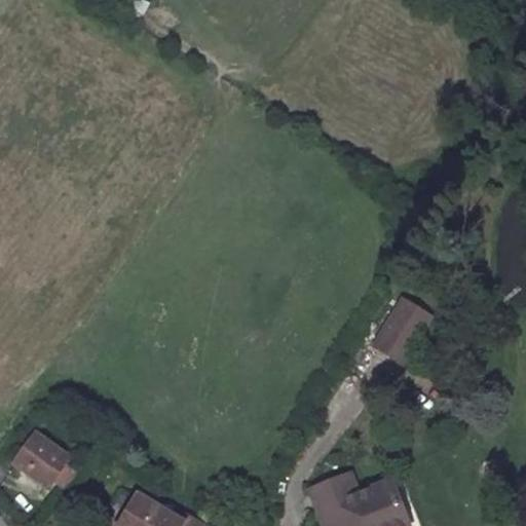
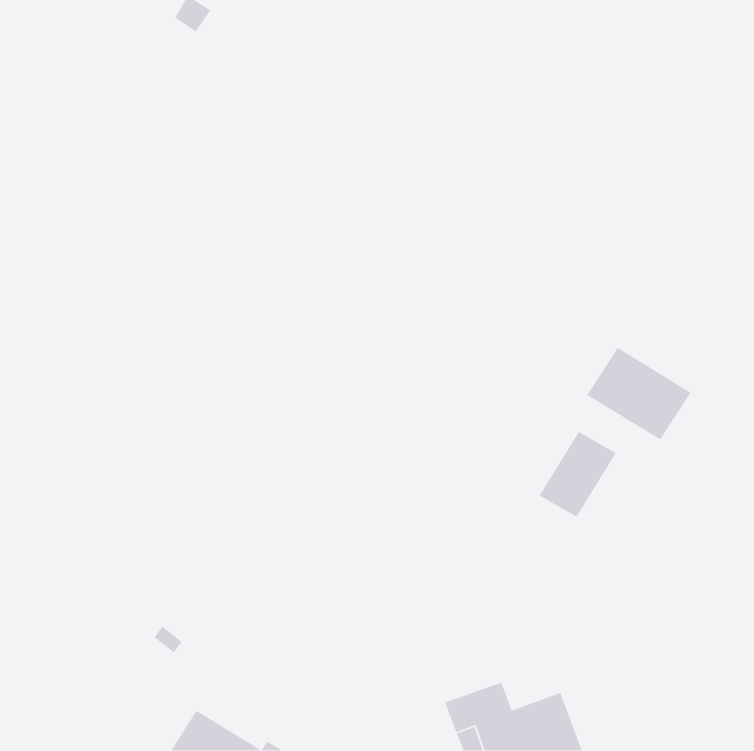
building: none -> [586,347,692,441]
building: [15,433,75,487] -> none

